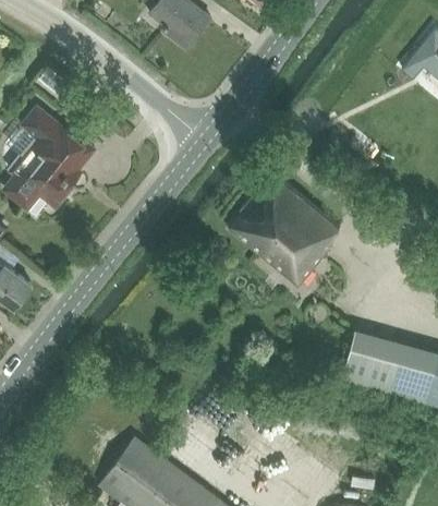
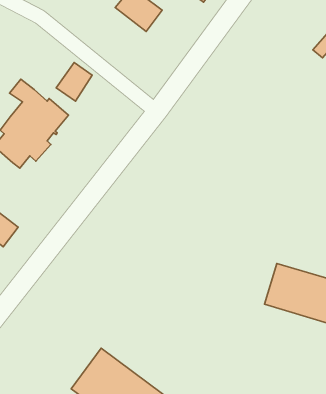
building: none -> [56,63,92,101]
building: [226,171,339,288] -> none

